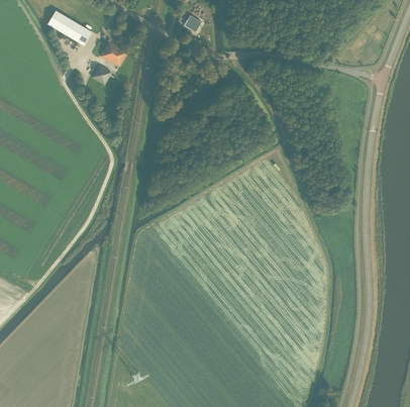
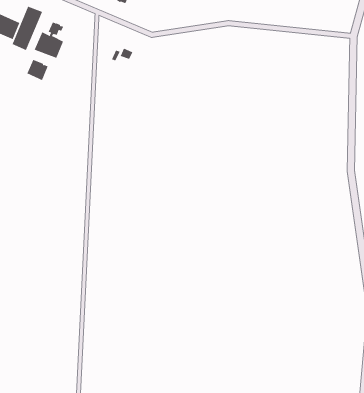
building: none -> [12,6,43,51]

